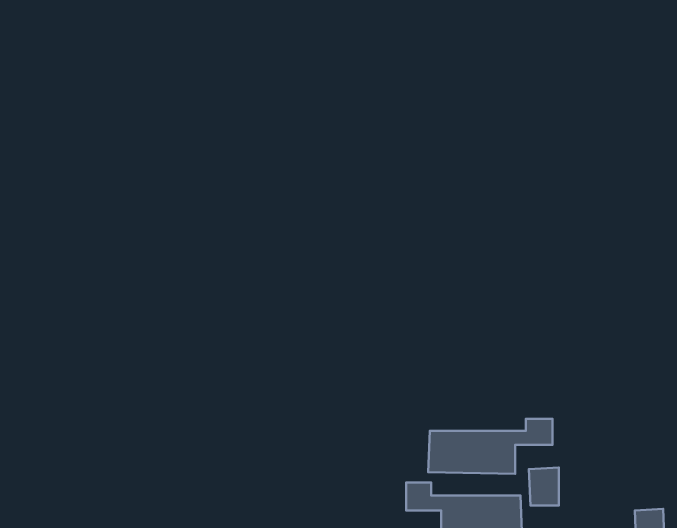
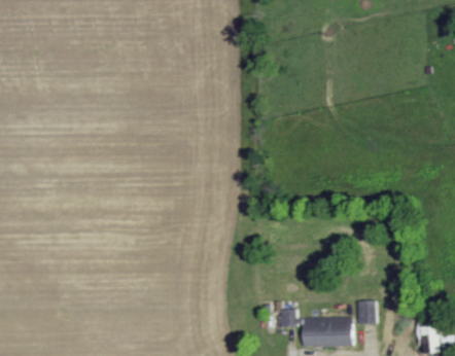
building: [428,419,553,474] -> none

